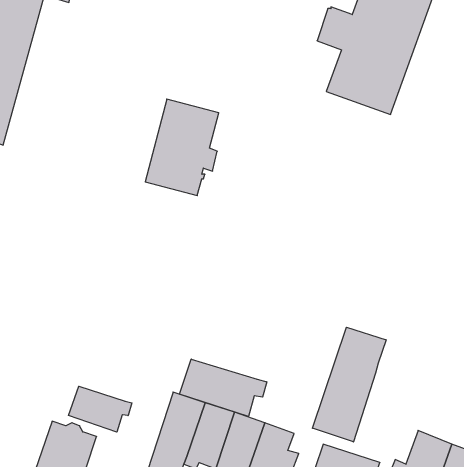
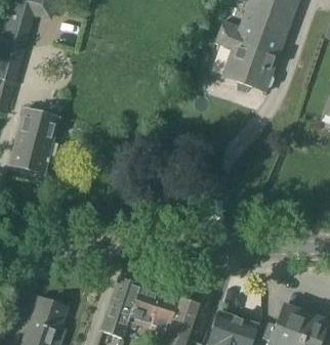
building: [145,99,219,196] -> [9,109,58,173]
building: [312,327,386,442] -> none
building: [180,359,267,417] -> none
building: [69,386,132,432] -> none

